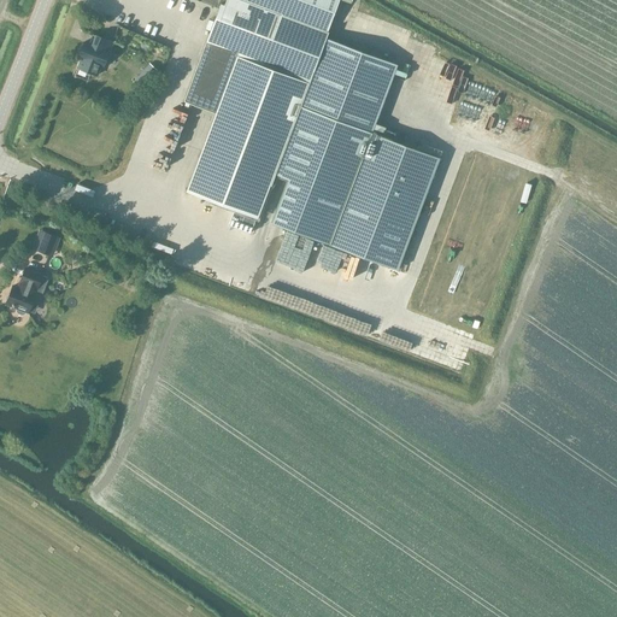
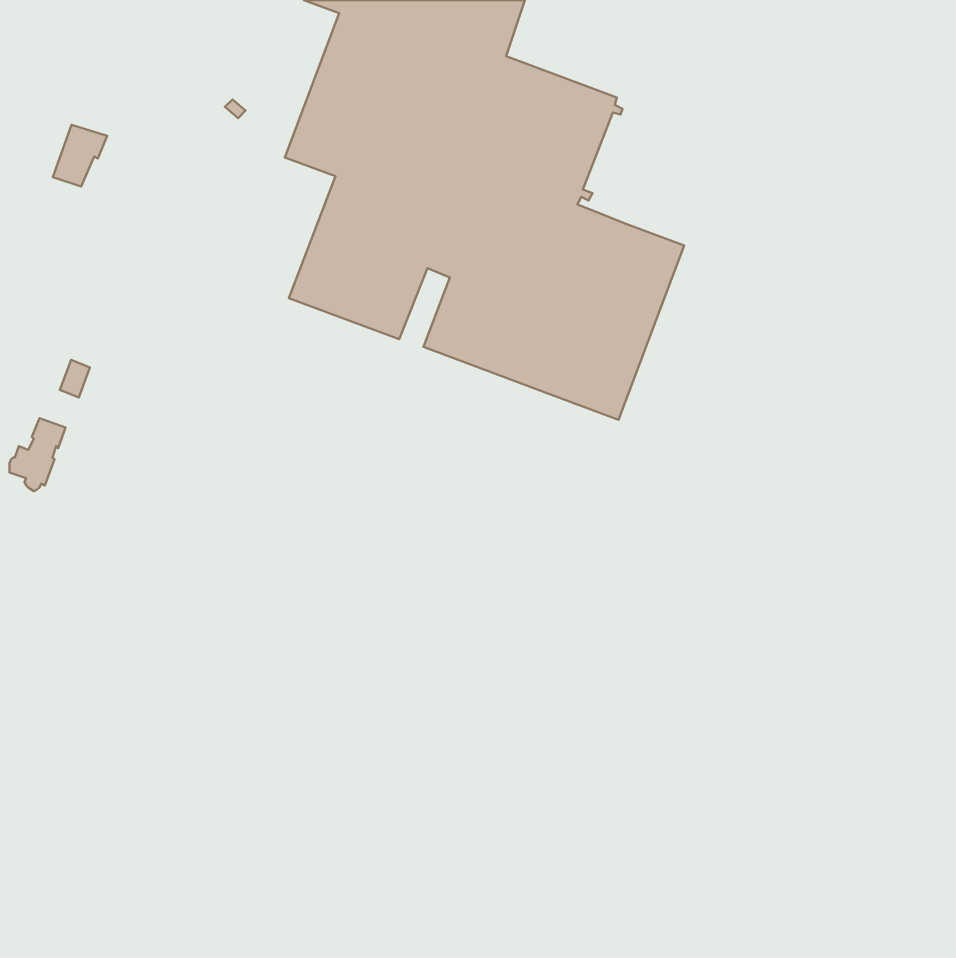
building: [80,35,114,75] -> [53,125,107,187]

